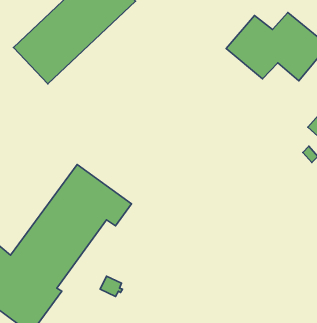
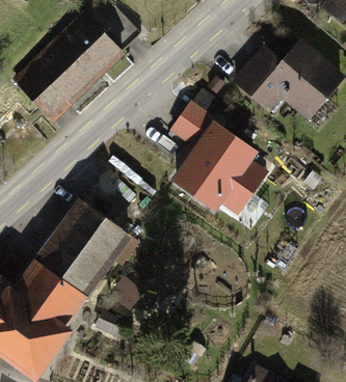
building: none -> [172,104,264,211]

